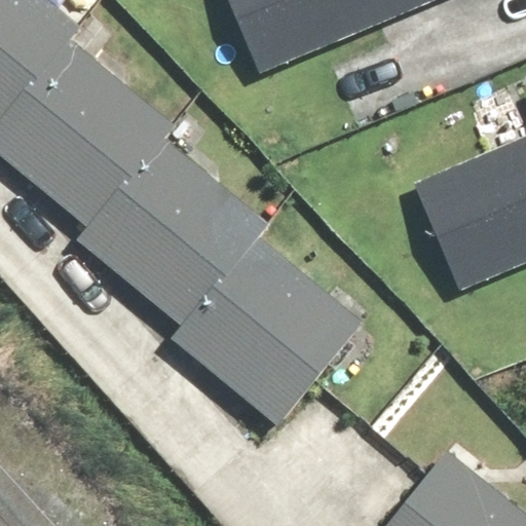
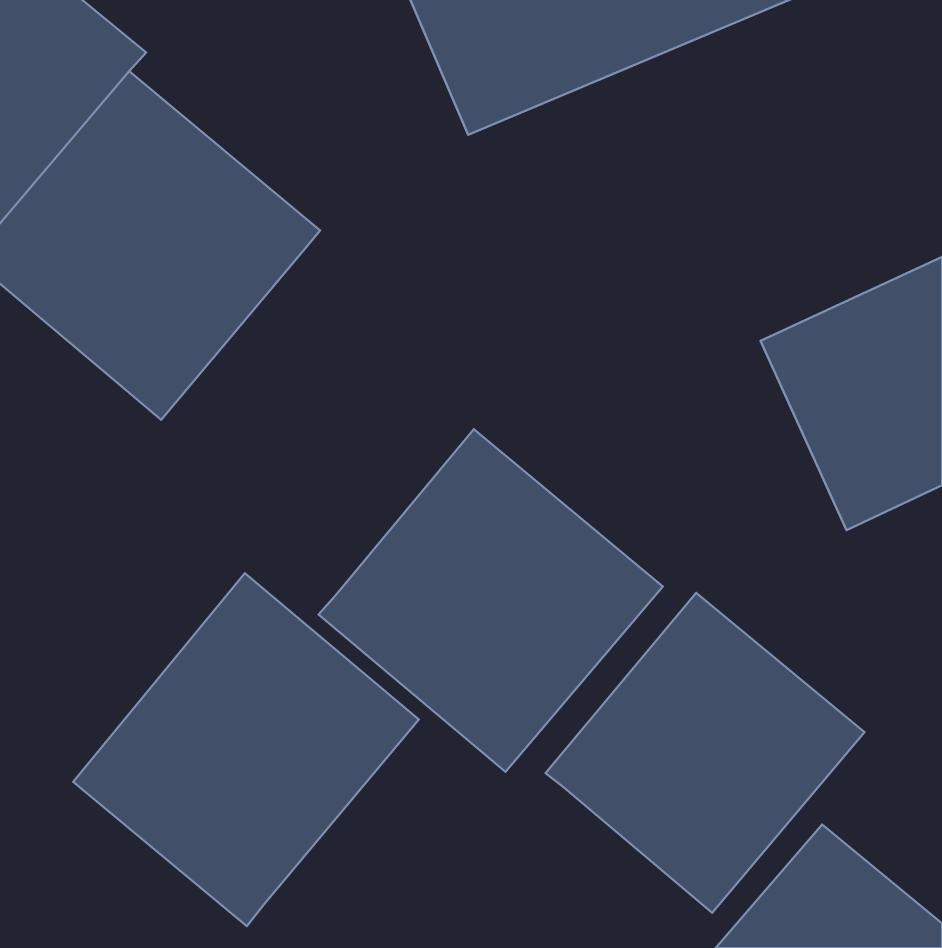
building: [80,139,269,327] -> none
building: none -> [73,573,419,926]
building: none -> [546,593,865,913]

